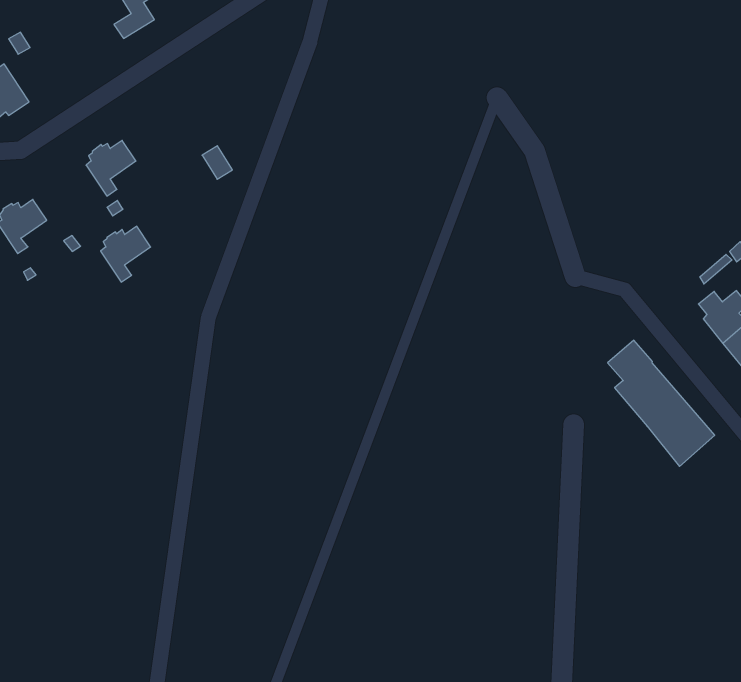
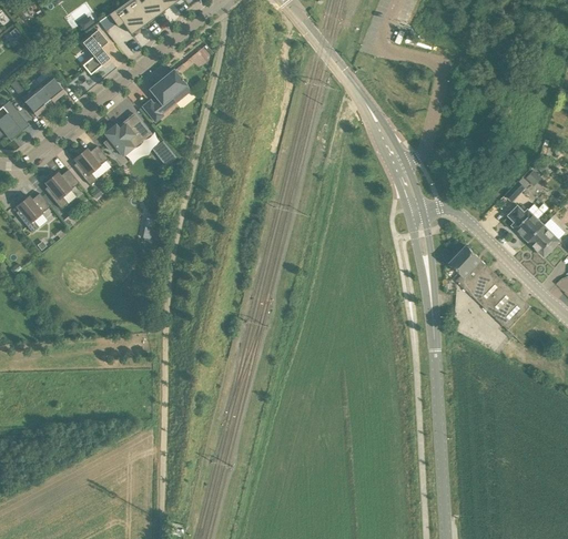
building: none -> [21,75,63,114]
building: none -> [141,69,185,121]
building: none -> [103,120,149,152]
building: [101,226,151,282] -> [43,167,78,207]

